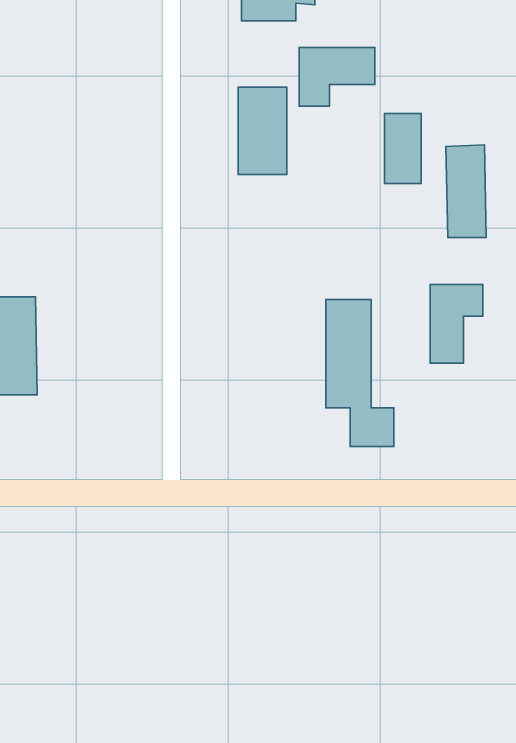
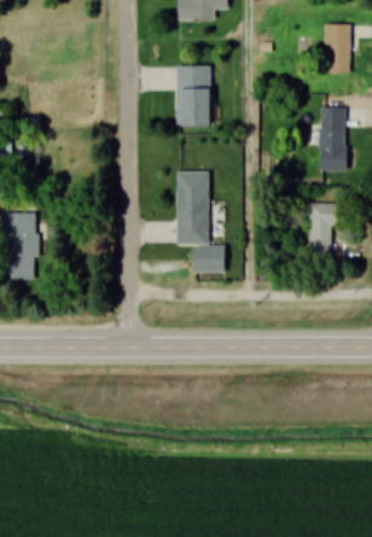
building: [299,48,375,106] -> none
building: [384,114,421,183] -> [325,24,350,72]
building: [326,300,394,446] -> [176,170,223,272]

